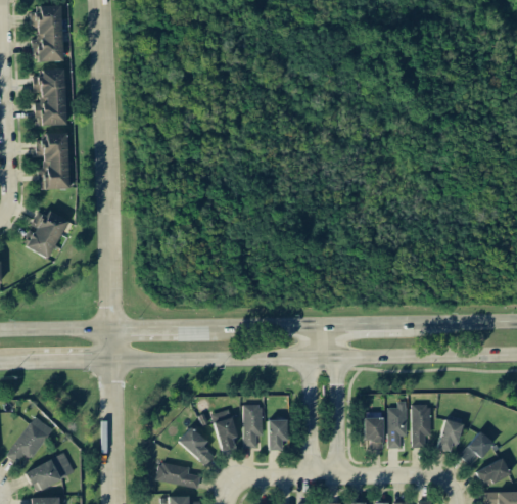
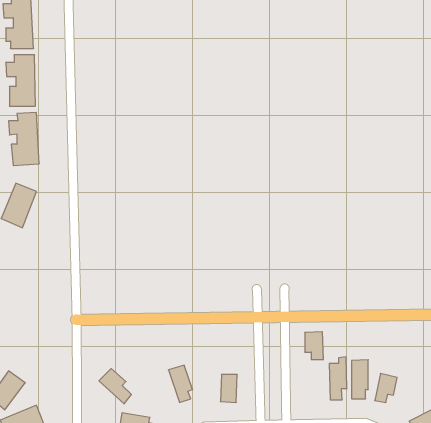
building: [244,405,264,448] -> none
building: [364,417,384,448] -> [305,332,323,360]
building: [179,427,215,466] -> [99,369,131,404]
building: [459,431,495,464] -> none

